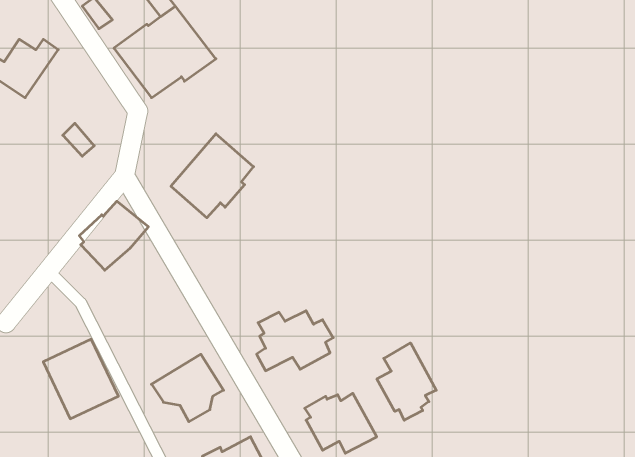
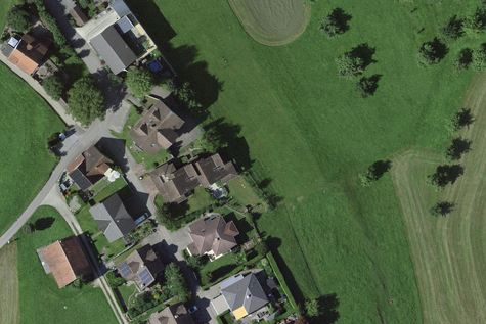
building: none -> [149,150,239,207]
building: none -> [89,192,137,243]
building: [377,343,436,420] -> none

